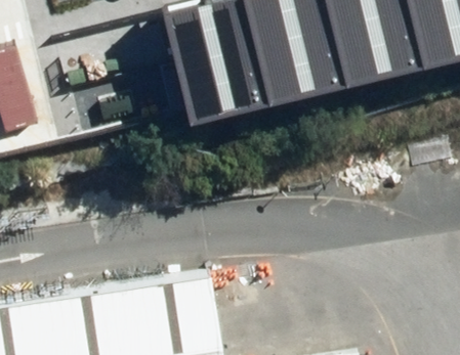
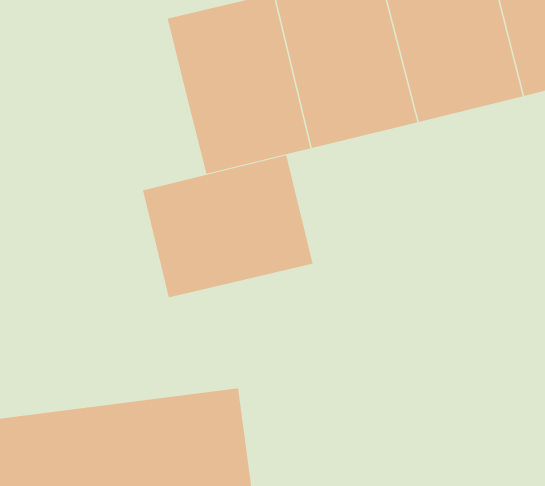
building: none -> [143,155,313,298]

